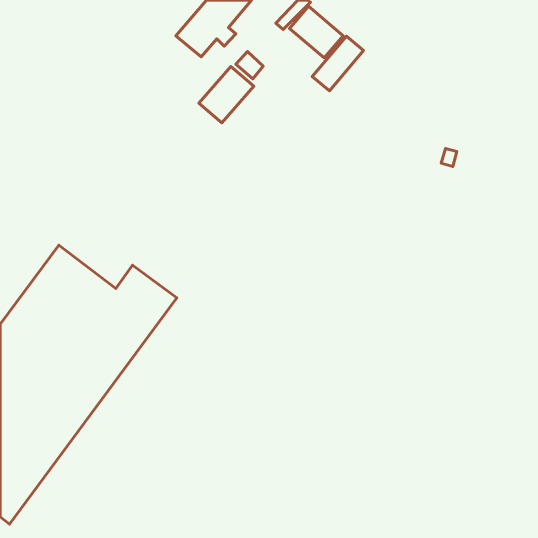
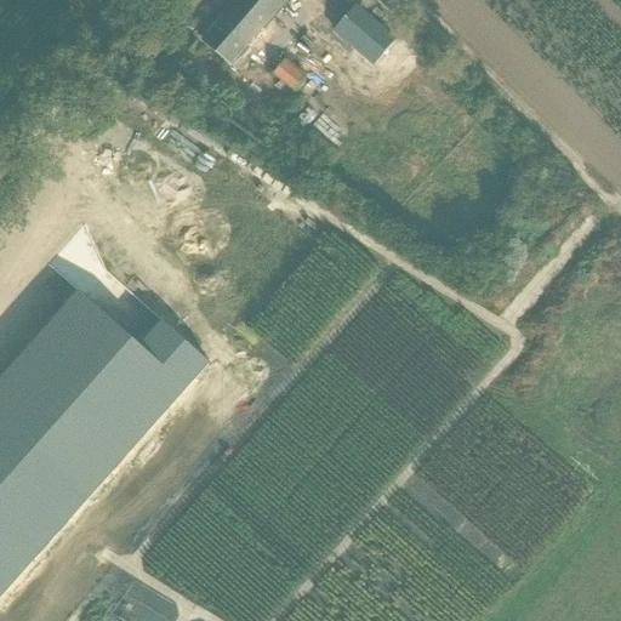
building: [312,36,364,91] -> none
building: [199,66,254,123] -> none

